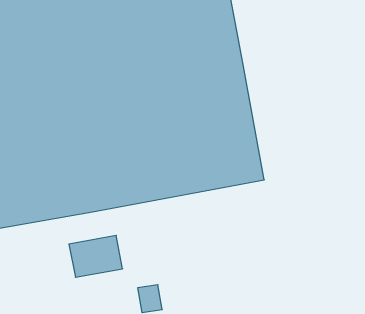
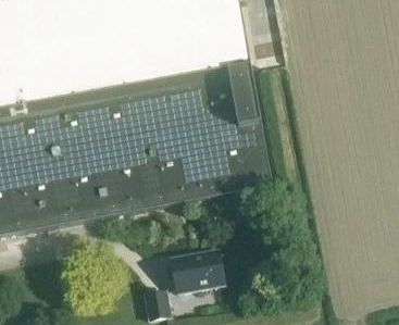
building: [69,235,123,277] -> [169,250,223,292]

